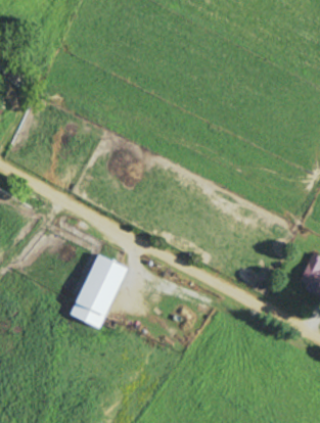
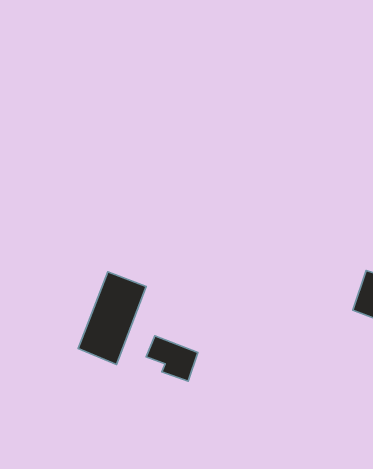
building: none -> [146,336,198,381]

